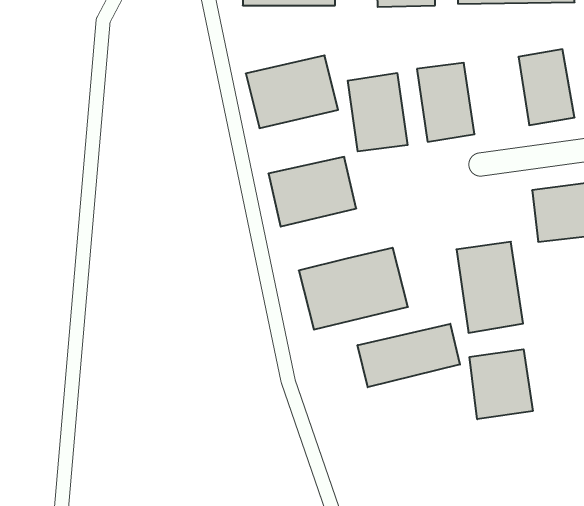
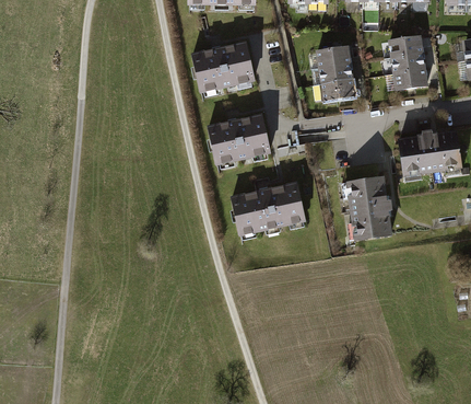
building: [348,73,408,151] -> none
building: [358,324,460,387] -> none
building: [470,349,533,419] -> none

